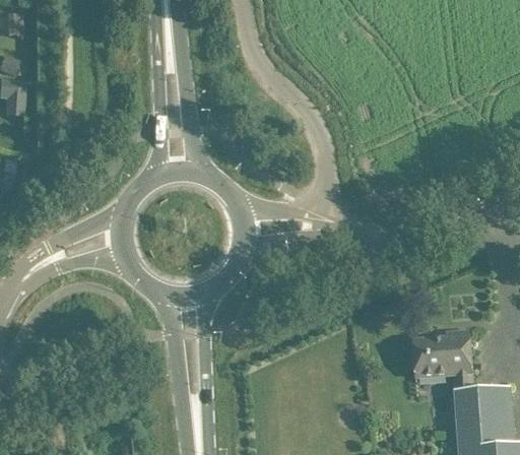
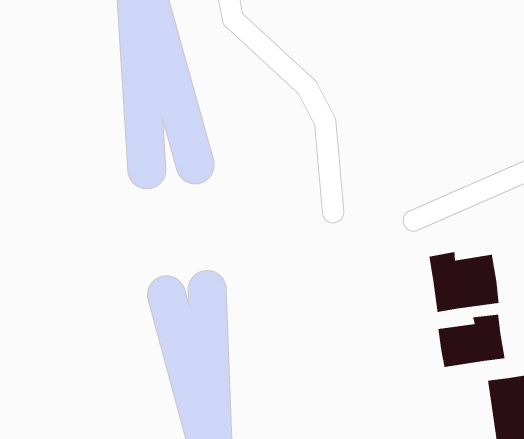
building: none -> [429,251,499,313]

